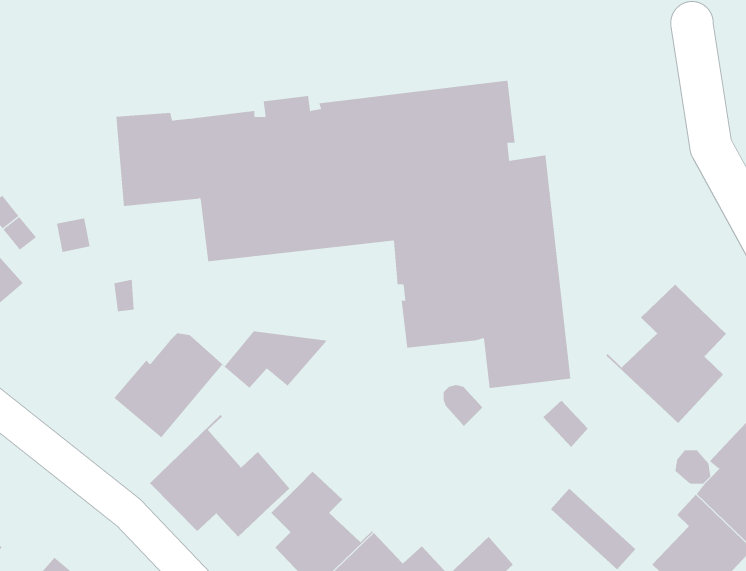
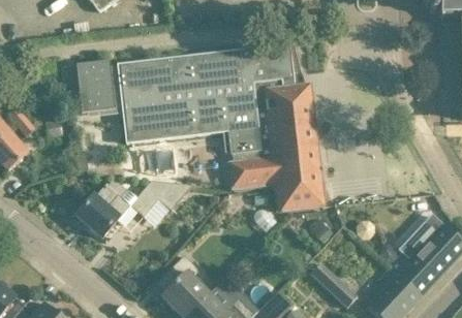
building: [605,284,727,424] -> none
building: [149,414,290,537] -> none

